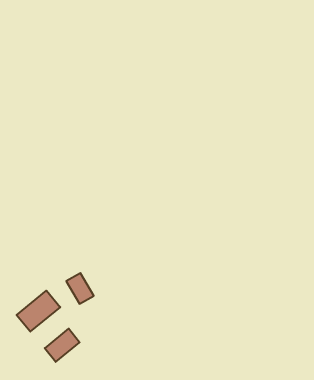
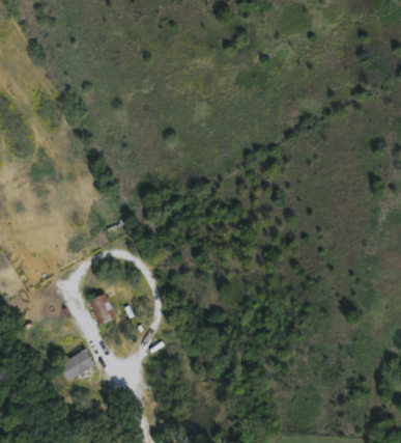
building: [17,291,60,332] -> none

